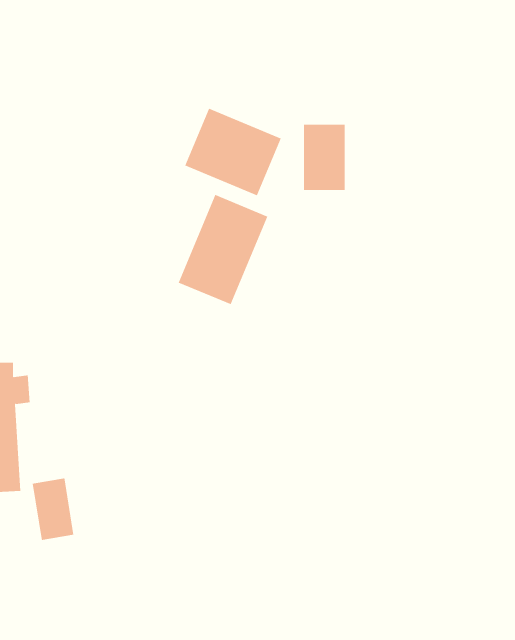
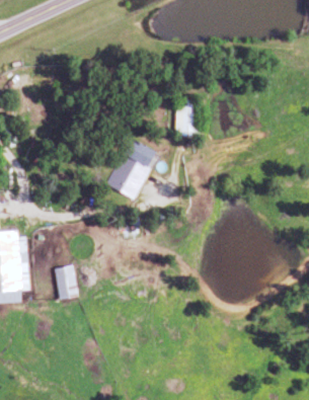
building: [185,108,282,196] -> none
building: [32,478,74,540] -> [54,265,77,300]

